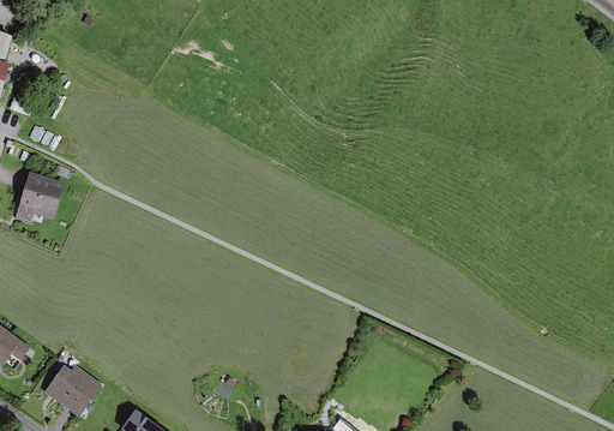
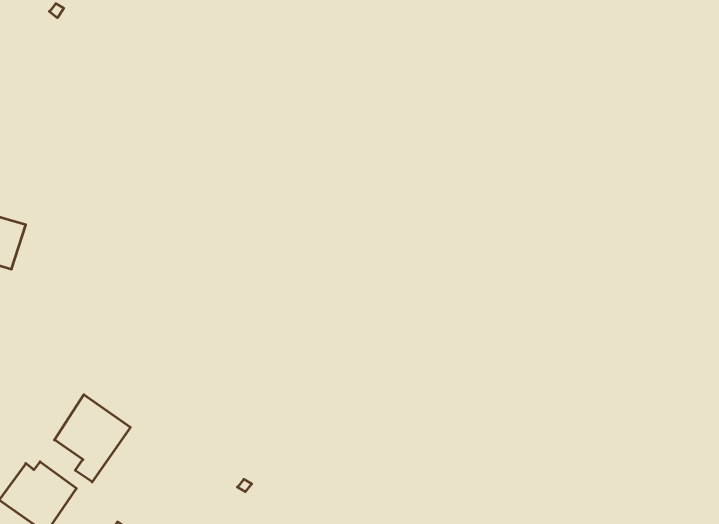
building: none -> [54,395,130,482]

